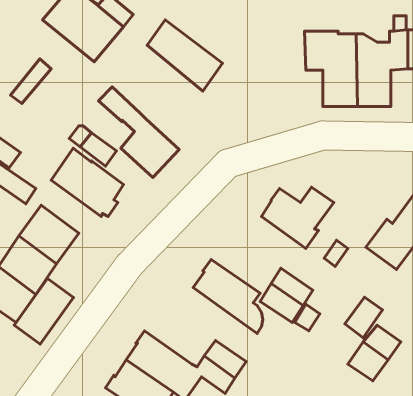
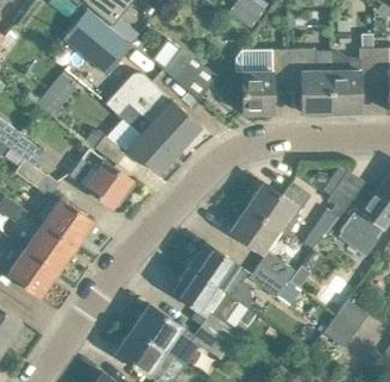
building: none -> [237,49,288,114]
building: none -> [131,74,201,150]
building: none -> [328,170,365,218]
building: none -> [231,207,279,253]
building: [14,278,74,344] -> none
building: none -> [174,268,221,313]

